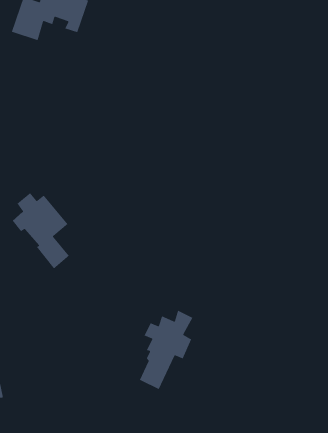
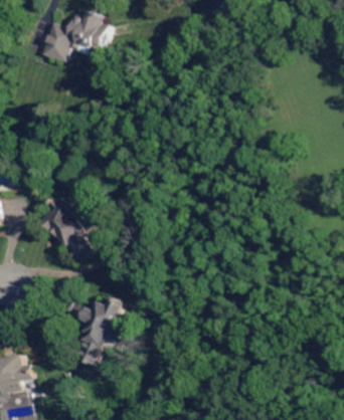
building: [139,310,193,390] -> [74,295,123,367]

